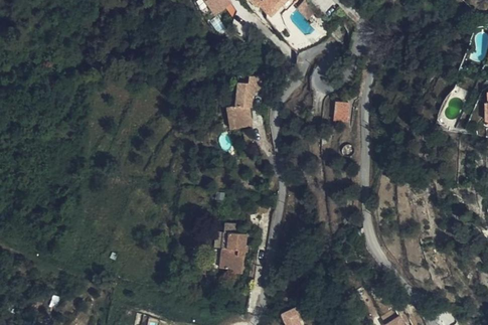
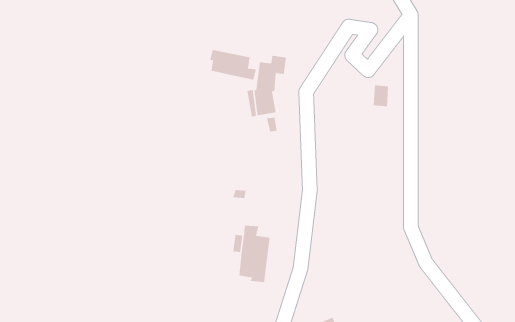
building: none -> [209,49,256,80]

